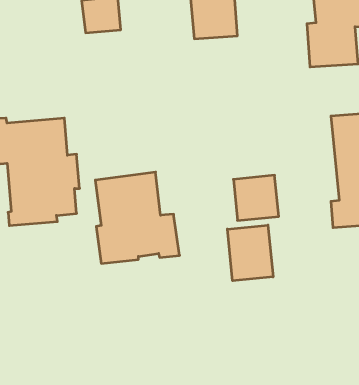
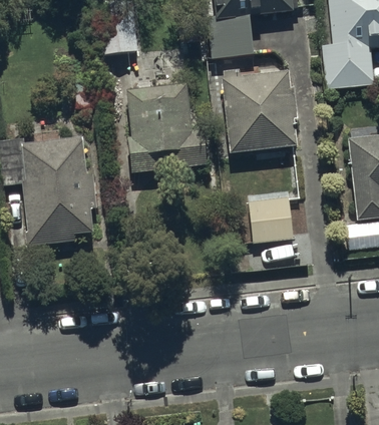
building: none -> [221,69,298,153]
building: [95,172,180,263] -> [125,83,210,174]
building: [227,225,273,281] -> none

